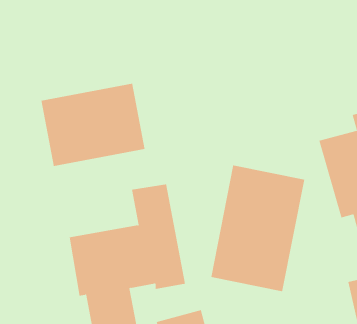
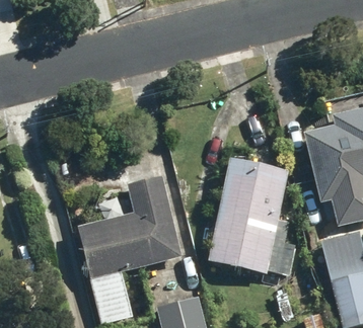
building: [41,83,145,167] -> none

